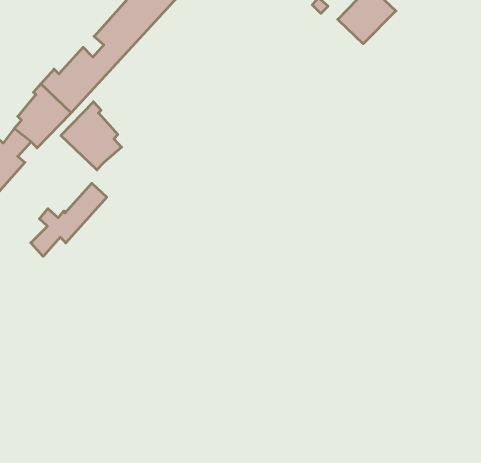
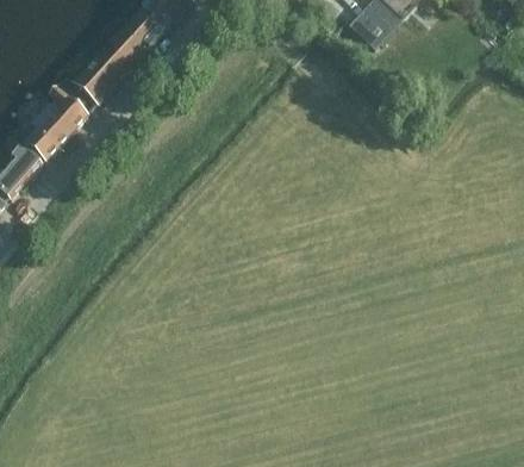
building: [61,102,122,170] -> none
building: [31,183,107,256] -> none

